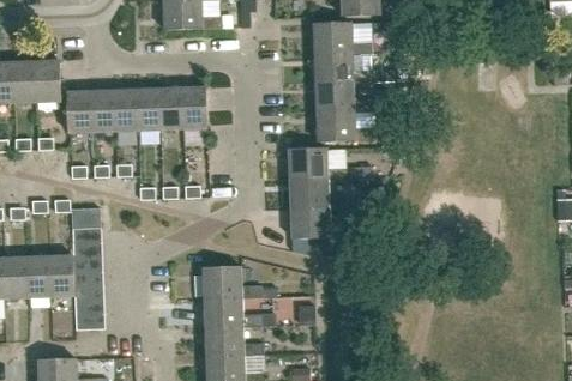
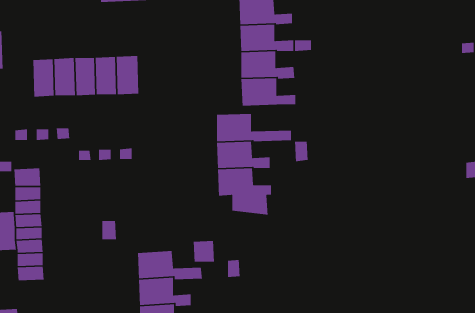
building: [67,91,92,133] -> none
building: [203,266,260,298] -> none

